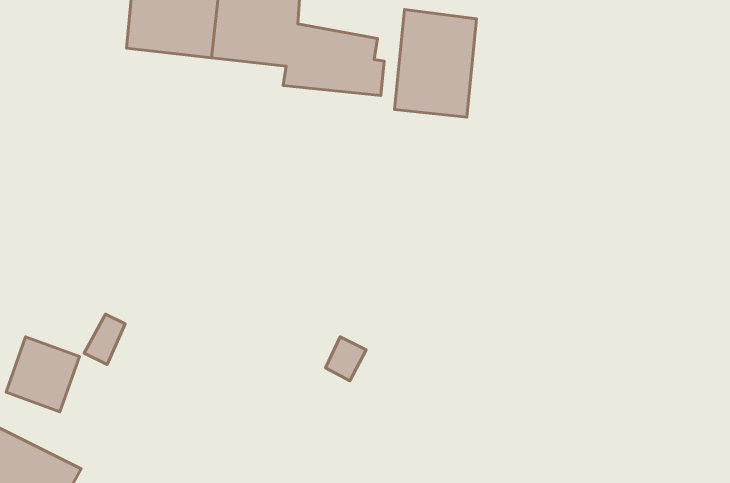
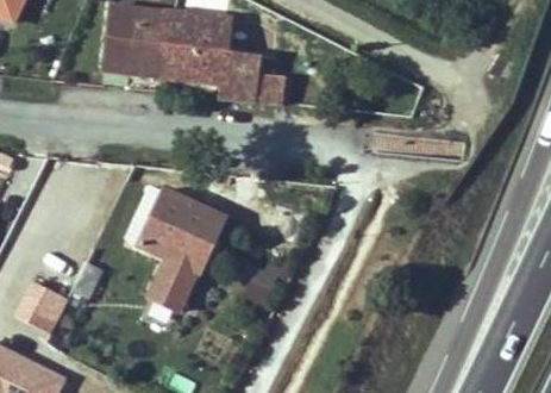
building: [394,10,477,117] -> none
building: none -> [125,185,224,308]

